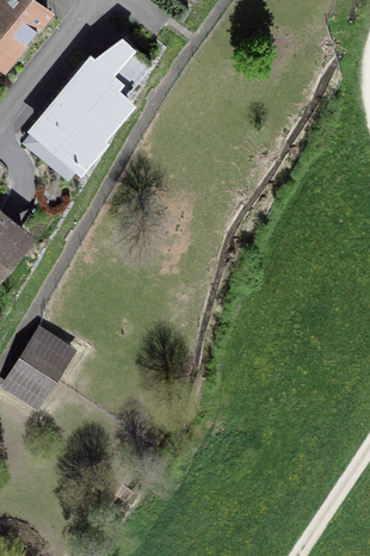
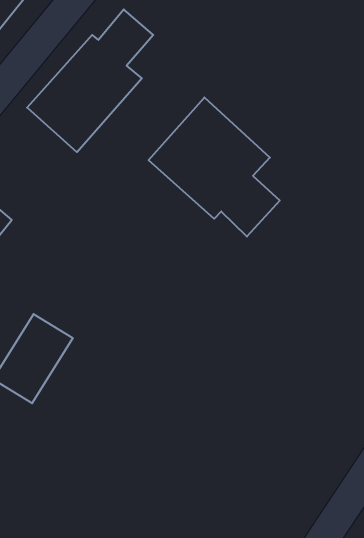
building: none -> [149,97,280,237]

